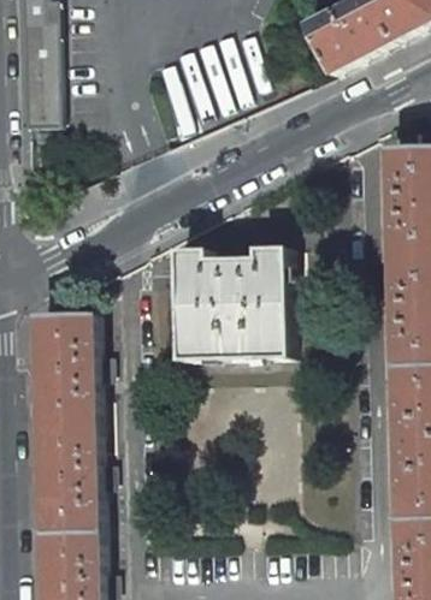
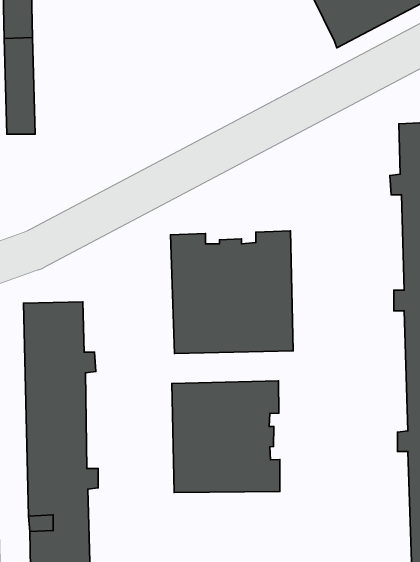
building: none -> [172,381,280,493]

